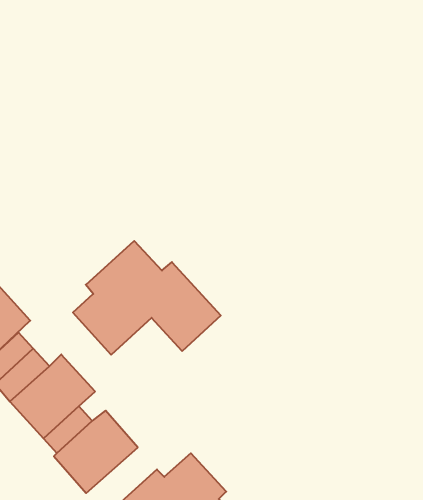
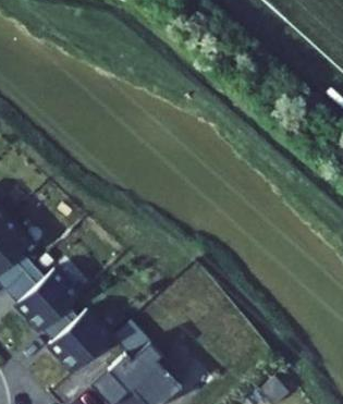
building: [73,241,221,355] -> none

